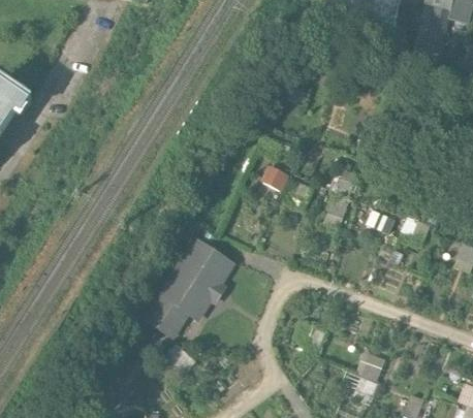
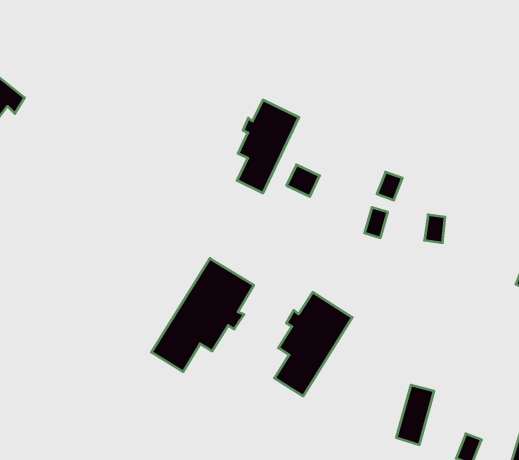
building: none -> [237,100,299,193]
building: none -> [274,292,352,396]

